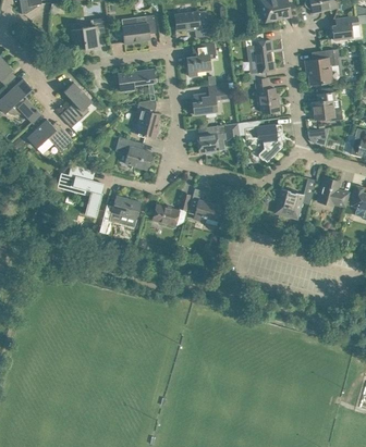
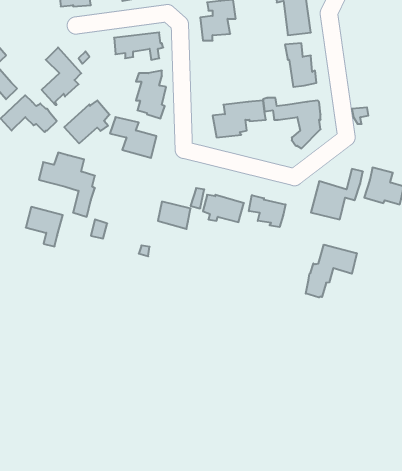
building: [307,49,335,84] -> none
building: [192,84,228,114] -> none
building: [313,92,342,121] -> none
building: none -> [64,100,110,143]
building: [111,196,141,227] -> [26,207,63,246]
building: none -> [249,195,286,227]
building: none -> [306,245,357,297]

